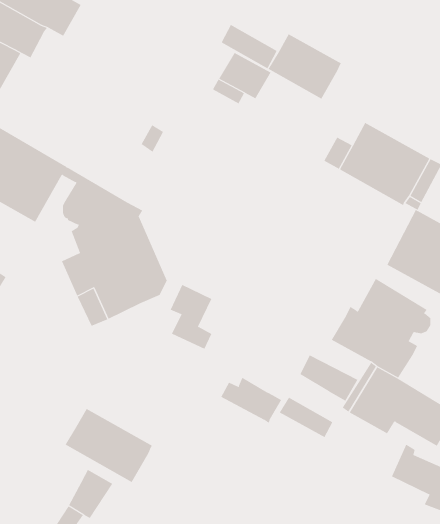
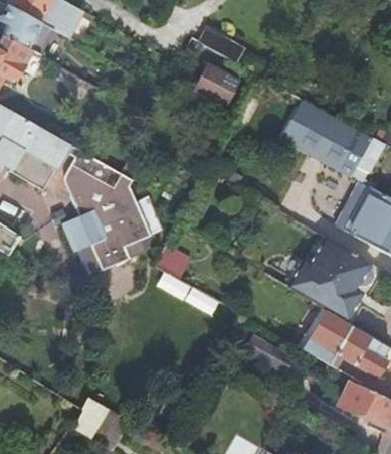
building: [268,34,342,100] -> none
building: [300,355,358,402] -> none
building: [221,377,282,424] -> none
building: [65,408,153,483] -> none

